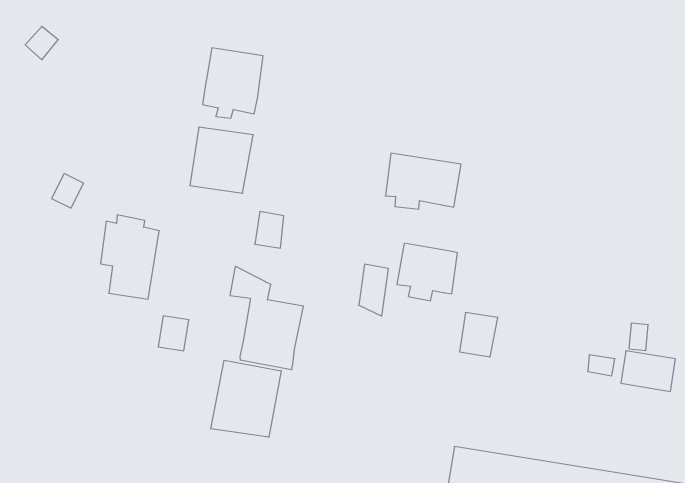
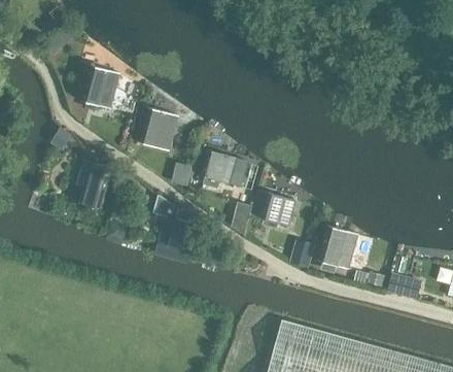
building: [203,48,263,118] -> [79,65,119,109]
building: [385,153,461,209] -> [200,149,248,187]
building: none -> [318,225,359,269]
building: [211,360,281,437] -> none

